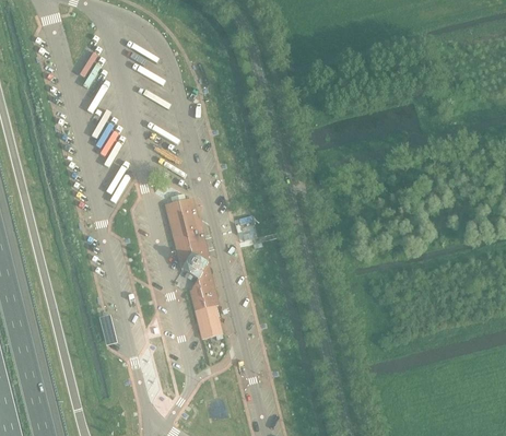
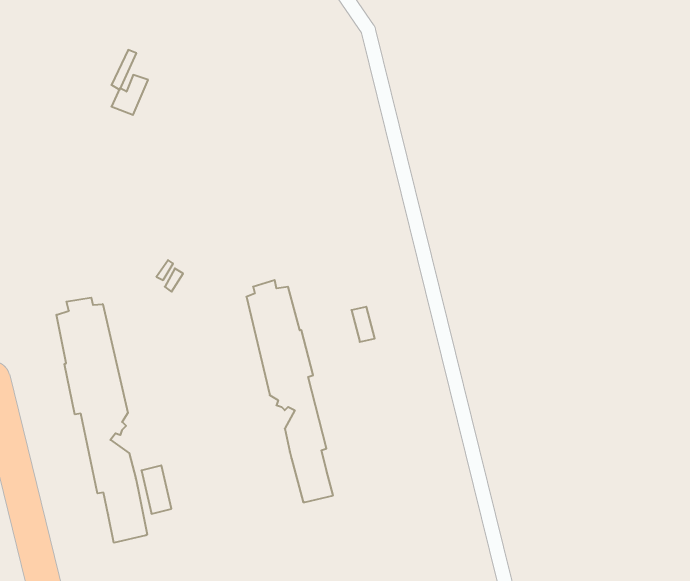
building: none -> [56,298,147,543]

